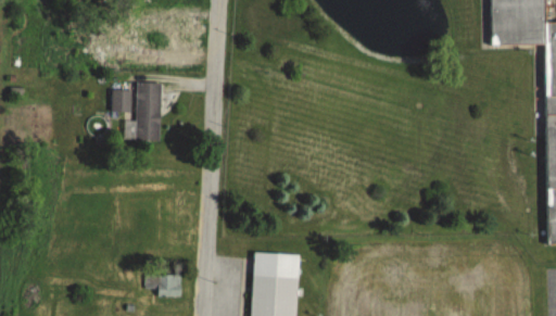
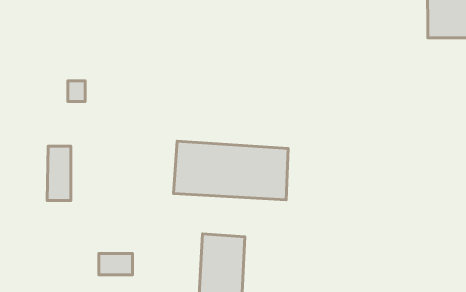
building: [137,83,162,140] -> [47,146,71,201]
building: none -> [174,141,288,200]

